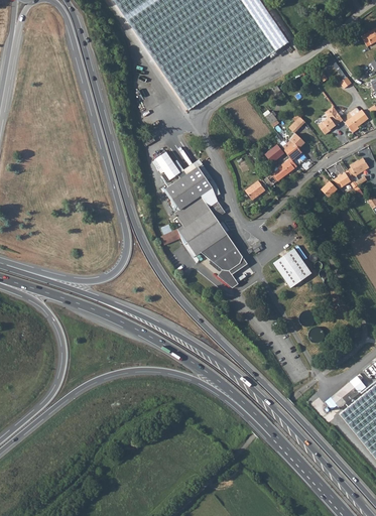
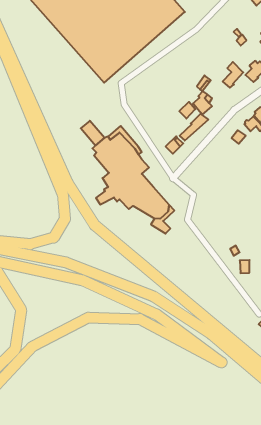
building: [273,248,311,286] -> none

